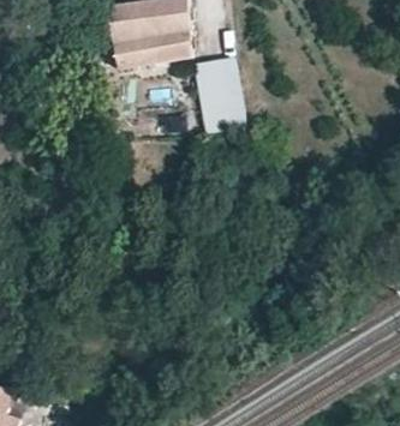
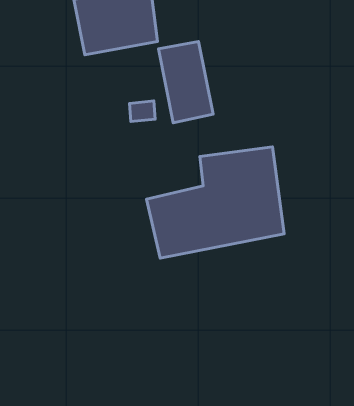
building: none -> [147,147,284,258]

